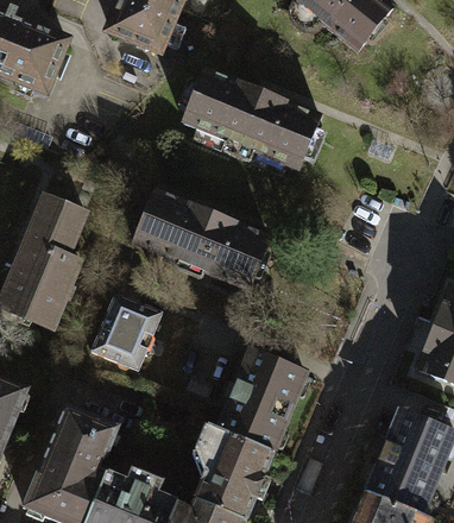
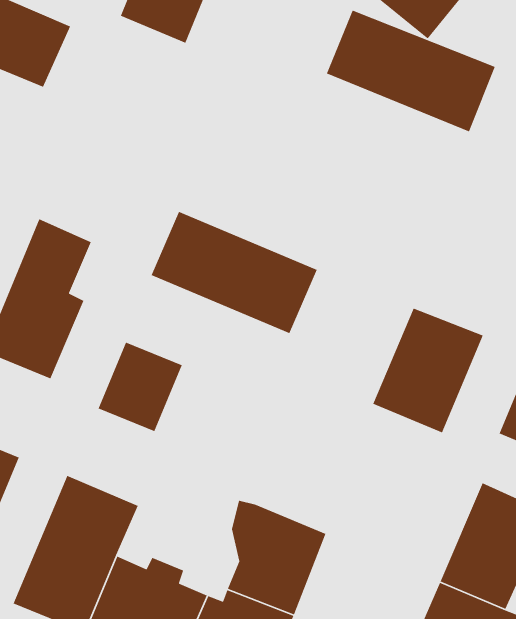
building: [184,69,322,169] -> [326,9,496,132]
building: [219,348,309,450] -> [372,307,484,434]

